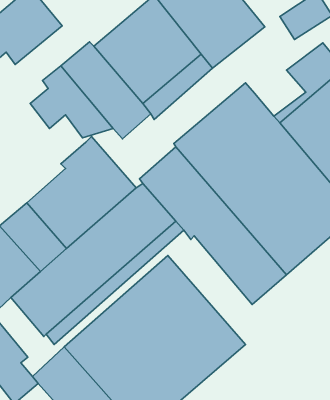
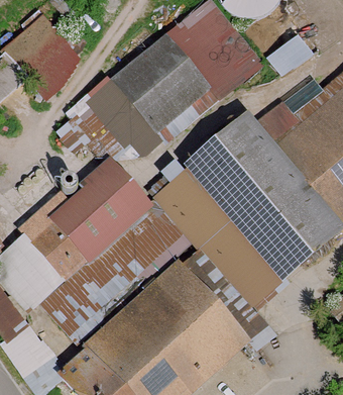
building: none -> [253,101,299,141]
building: none -> [177,248,275,353]

